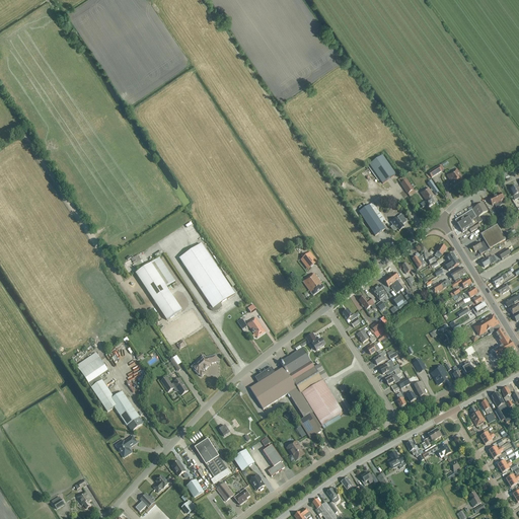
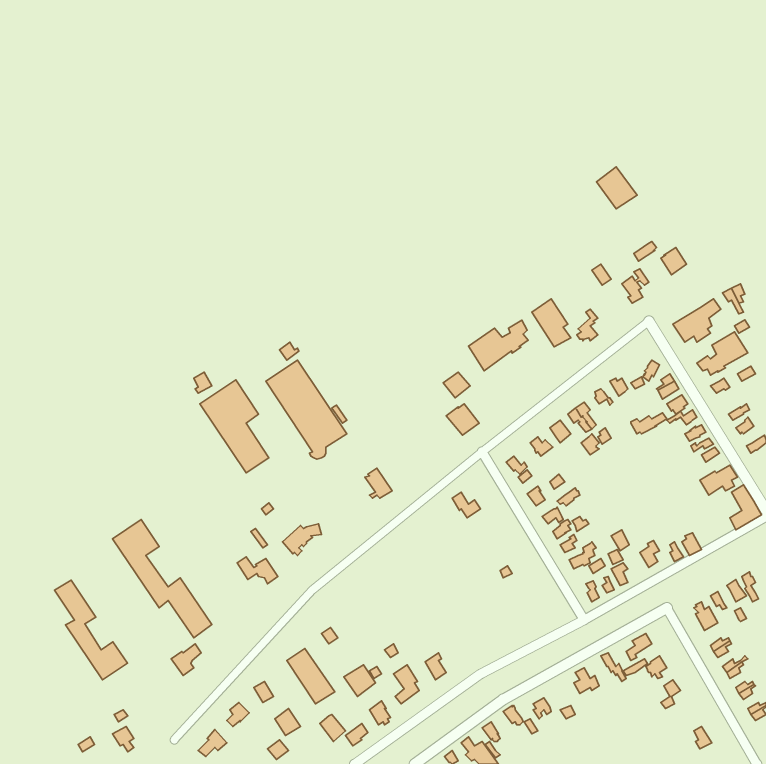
building: [368,154,395,182] -> [597,167,637,209]
building: none -> [468,320,528,371]
building: [249,348,342,437] -> none
building: none -> [54,580,127,680]

